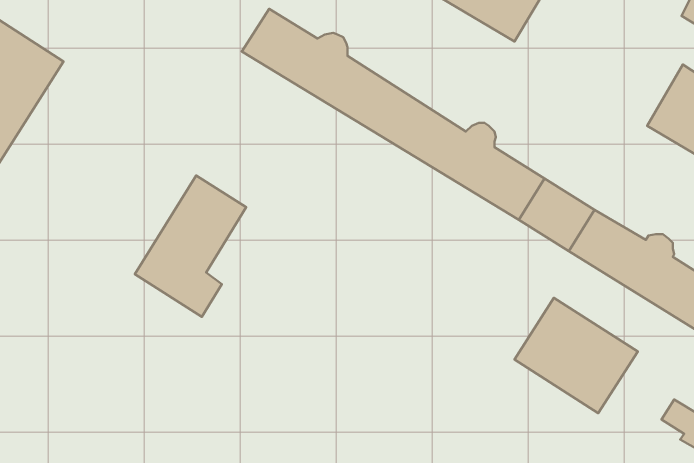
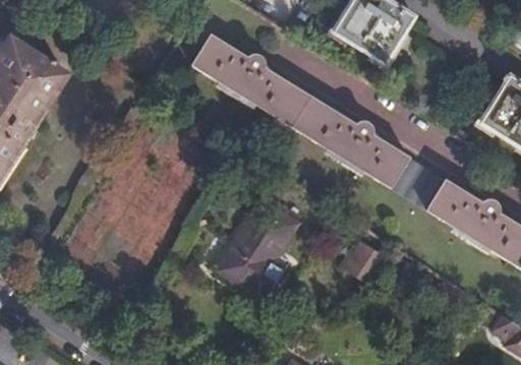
building: [135,176,246,317] -> [219,196,298,297]
building: none -> [342,241,384,283]
building: [514,298,638,413] -> none

